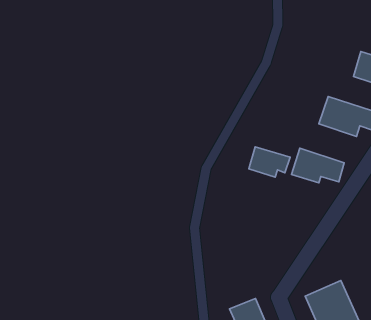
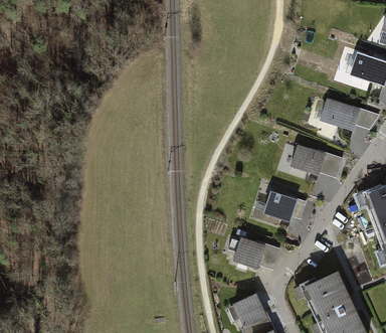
building: [249,147,290,177] -> [265,193,305,222]
building: none -> [232,234,281,271]

